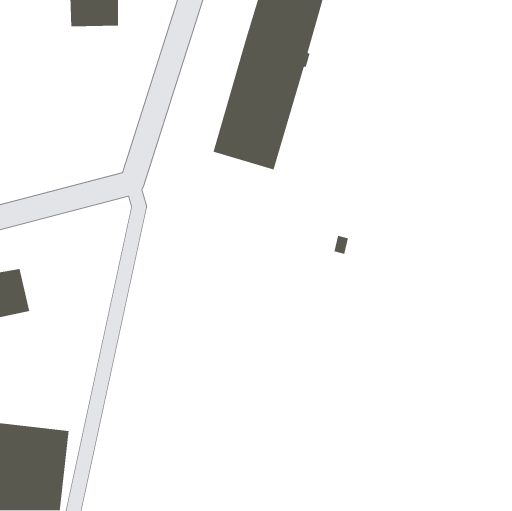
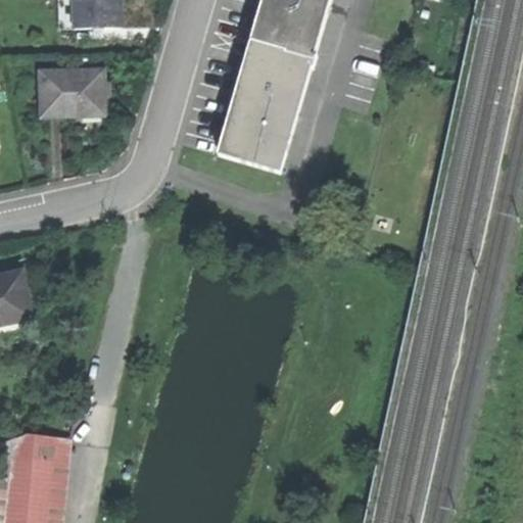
building: none -> [38,70,101,115]

